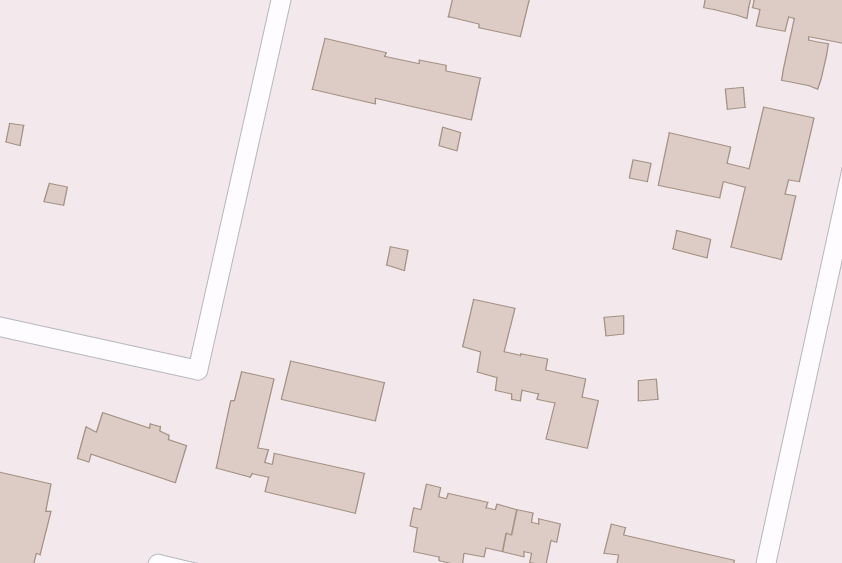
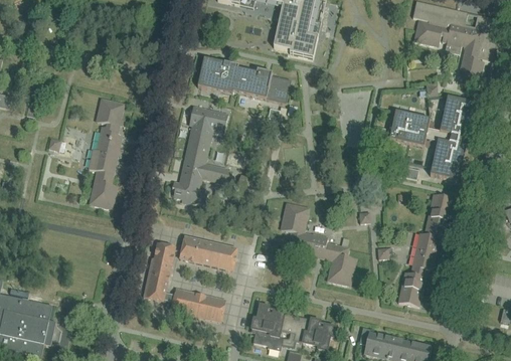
building: none -> [89,98,125,208]
building: none -> [172,104,232,203]
building: none -> [398,193,455,306]
building: [78,413,186,483] -> none

